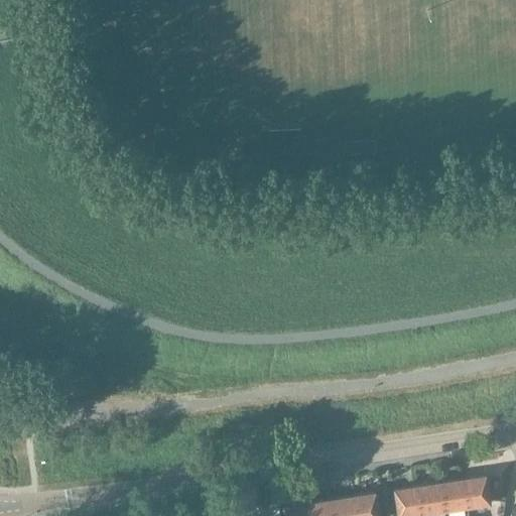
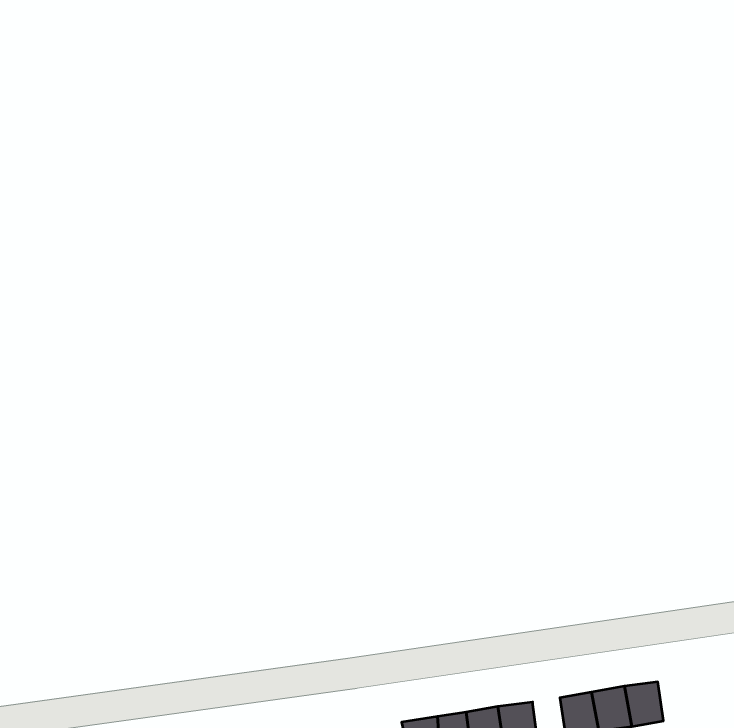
building: [461,479,488,510] -> none

